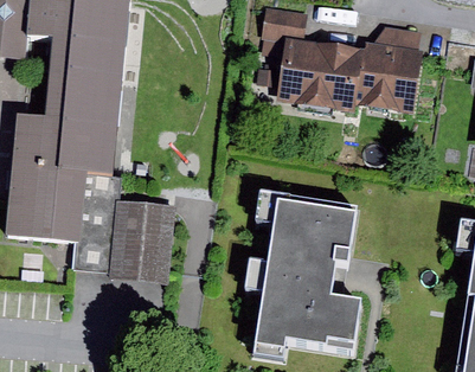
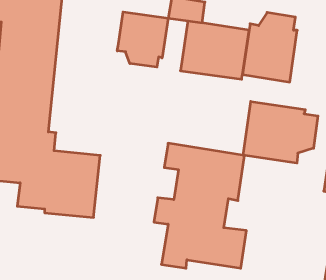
building: none -> [117,12,168,67]
building: none -> [243,101,318,163]

